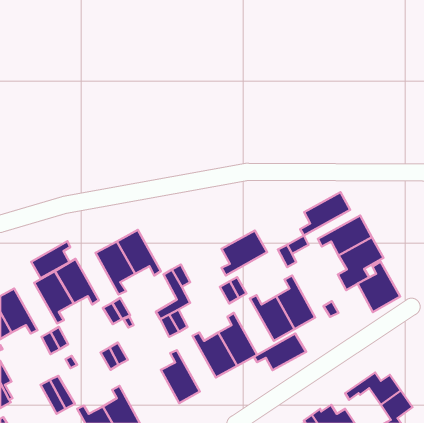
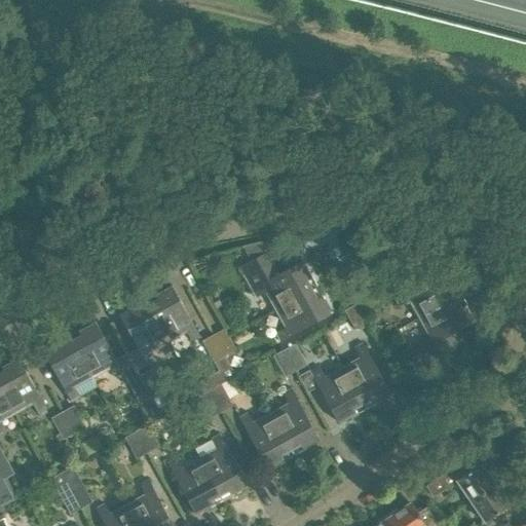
building: [300,192,350,236] -> none
building: none -> [237,253,315,309]
building: [31,241,70,278] -> none
building: [358,261,400,312] -> none
building: [254,334,306,370] -> none
building: none -> [167,458,222,515]

